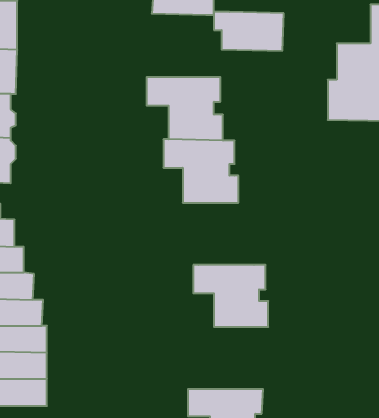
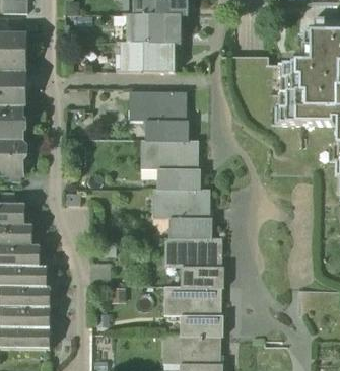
building: [214,12,284,51] -> [120,42,175,72]
building: none -> [152,190,212,238]
building: none -> [163,287,222,336]

